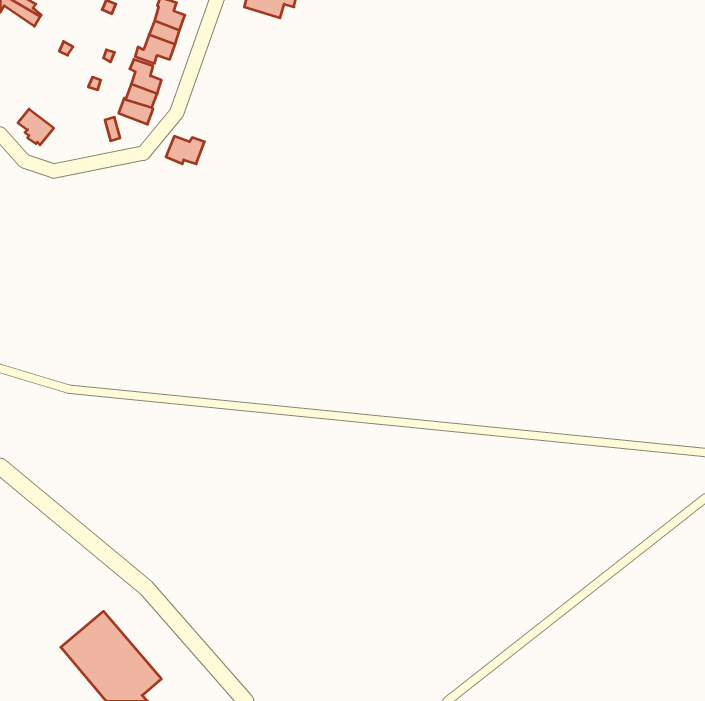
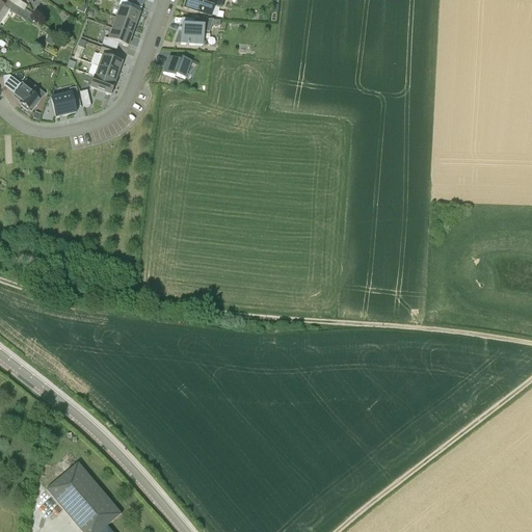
building: none -> [172,17,215,44]
building: none -> [50,85,80,116]
building: [166,136,205,164] -> [162,55,191,76]

